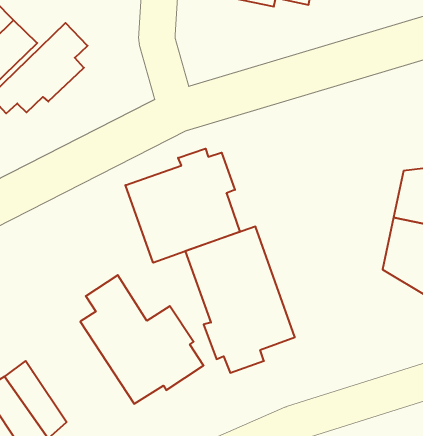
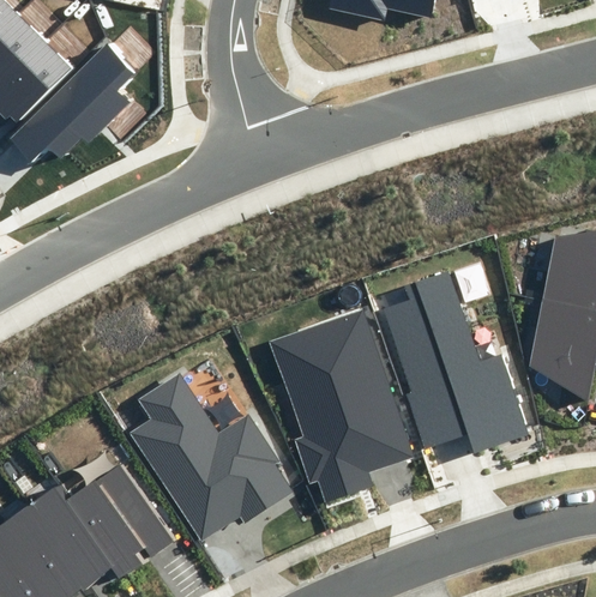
building: [125,149,240,263] -> none
building: none -> [383,271,526,450]
building: none -> [68,465,171,579]

